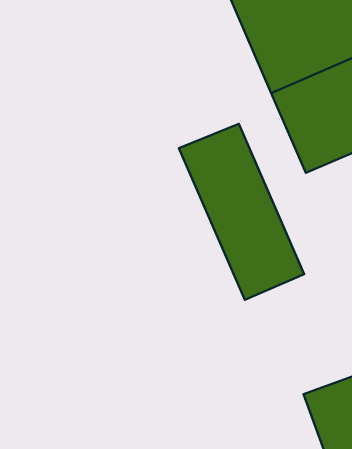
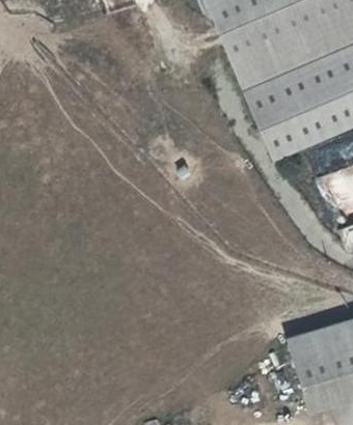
building: [179,124,304,300] -> none

